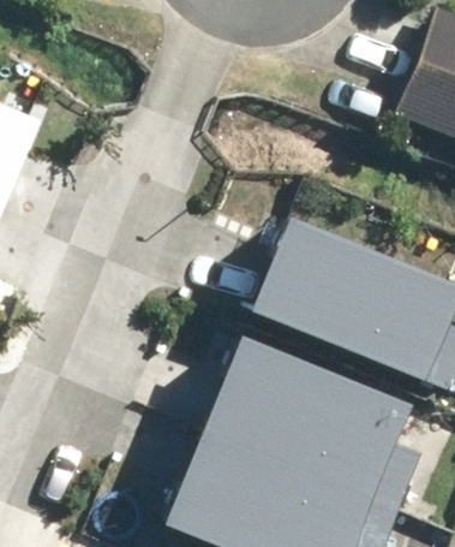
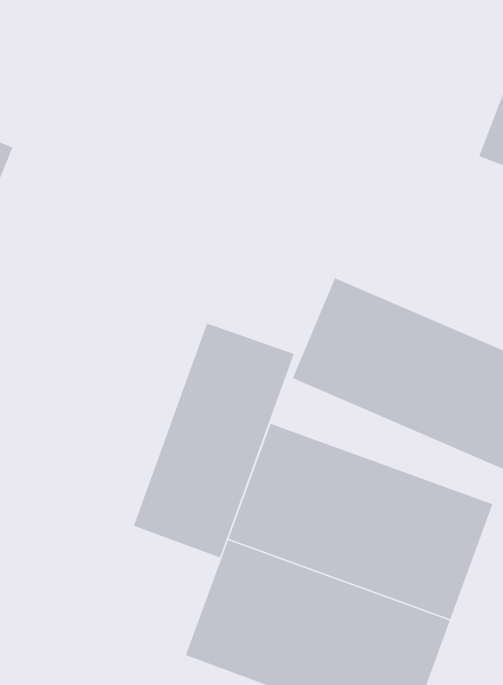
building: none -> [133,322,295,558]

